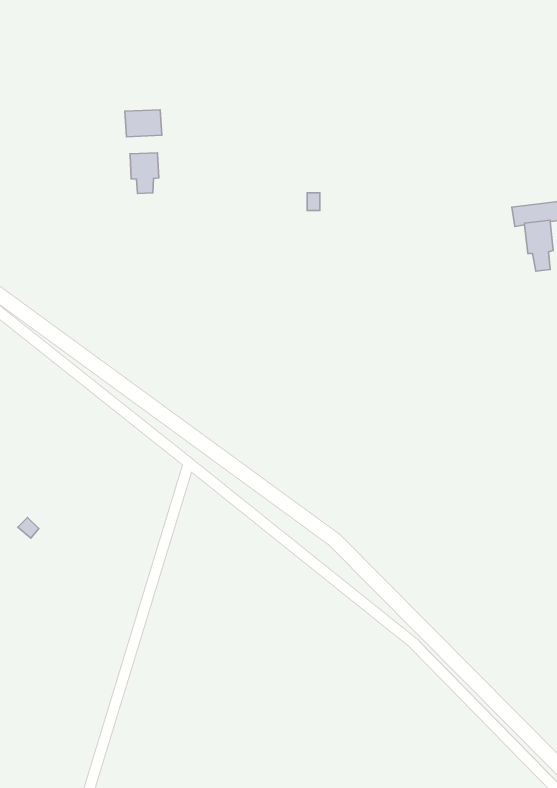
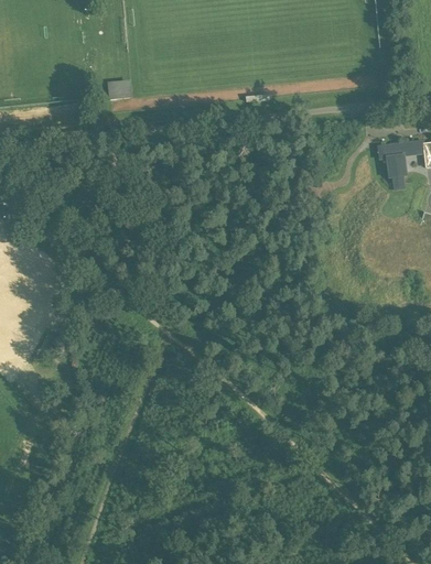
building: [130,153,159,194] -> none

